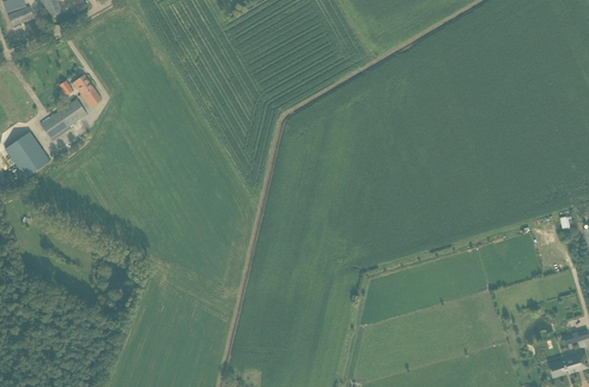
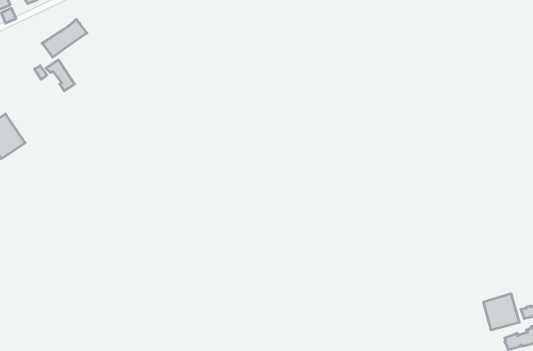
building: [40,98,86,138] -> [42,19,87,57]
building: none -> [484,294,519,330]

